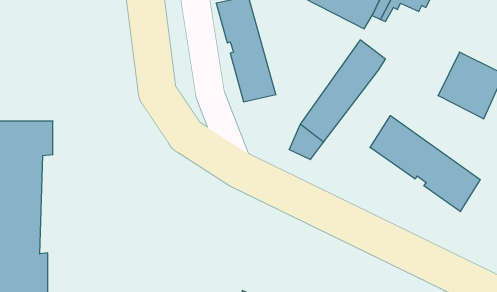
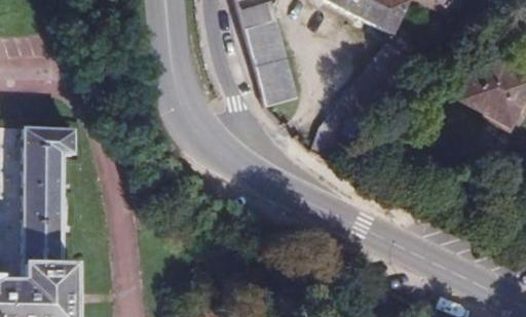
building: [370,116,480,212] -> none

